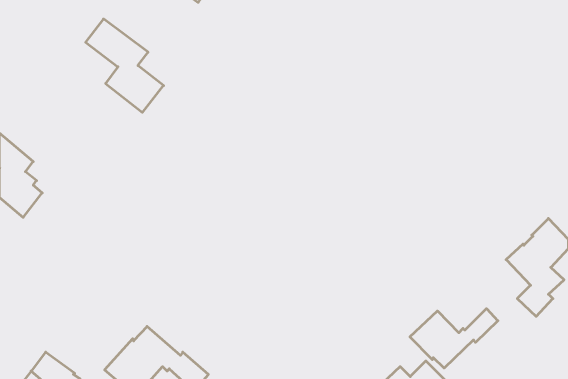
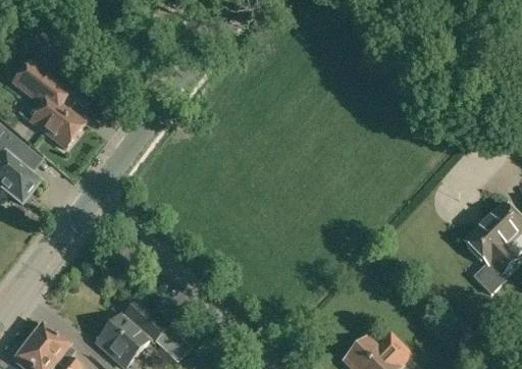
building: [86,19,164,112] -> [12,60,84,146]
building: [410,309,498,368] -> none

